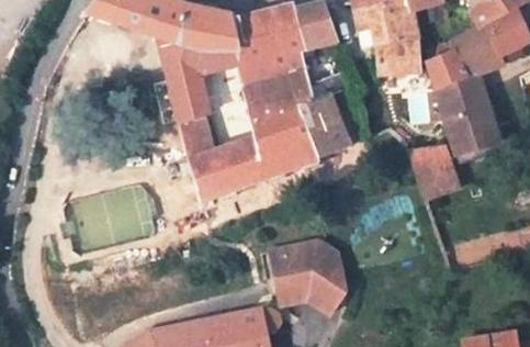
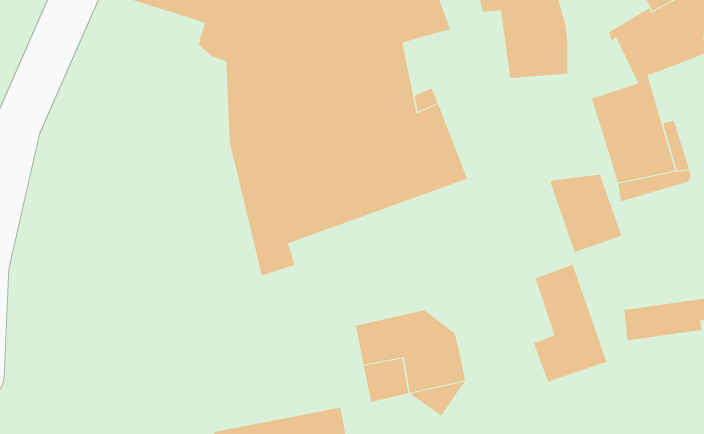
building: [426,46,469,89] -> none
building: none -> [533,264,607,383]

